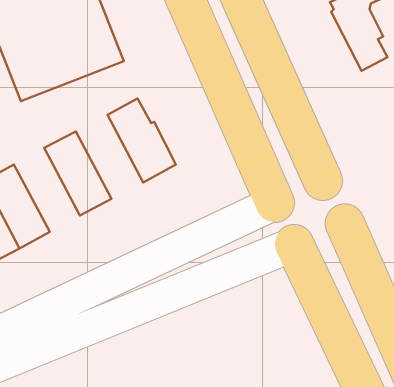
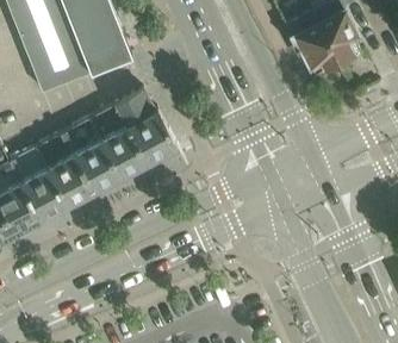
building: none -> [285,17,338,79]
building: none -> [91,106,149,179]
building: none -> [37,135,94,207]

